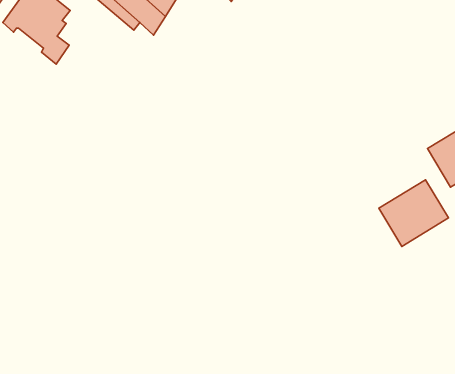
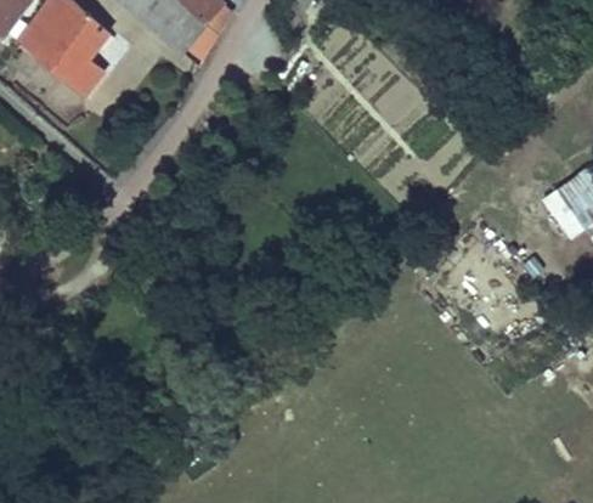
building: [379,180,449,246] -> none

